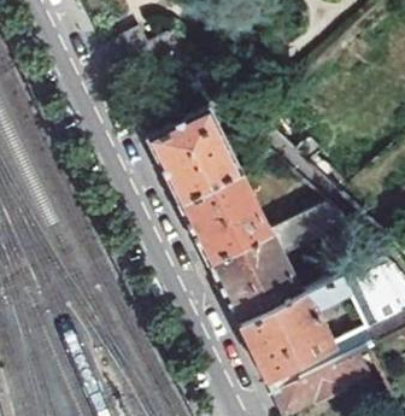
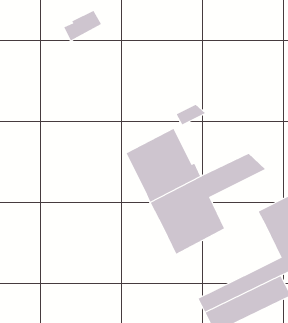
building: [147,107,241,204] -> none
building: [240,274,347,379] -> none

